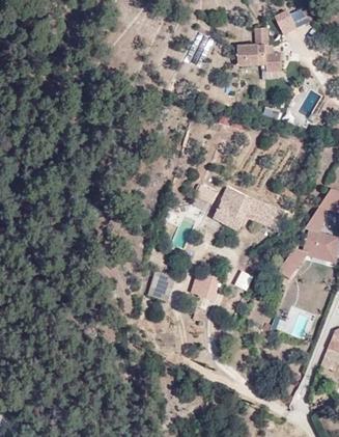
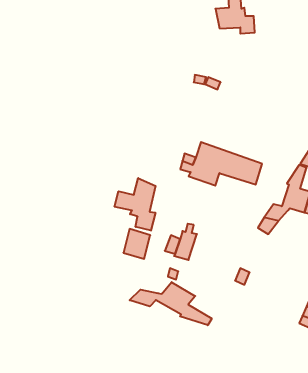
building: none -> [115,178,156,231]
building: none -> [130,282,212,325]

